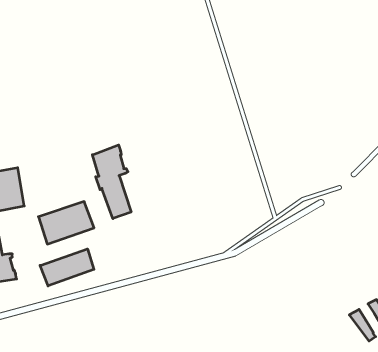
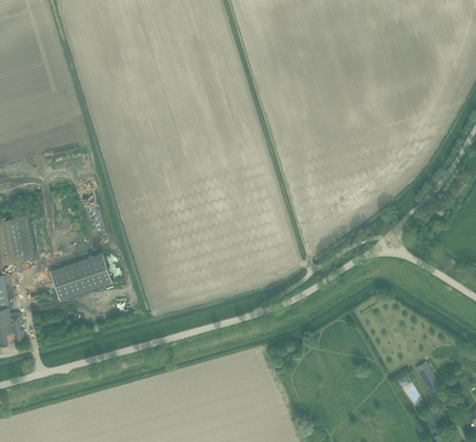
building: [92,145,131,219] -> none
building: [40,249,94,286] -> none

